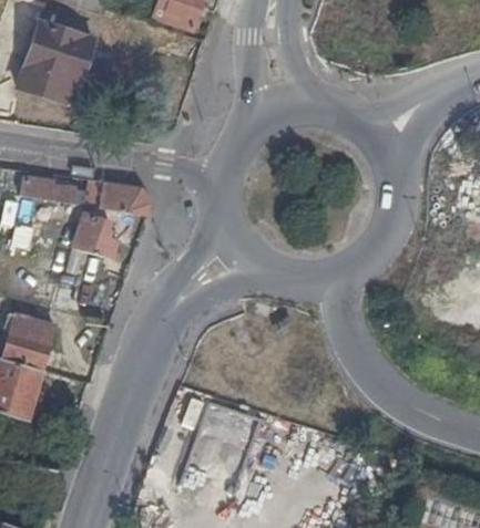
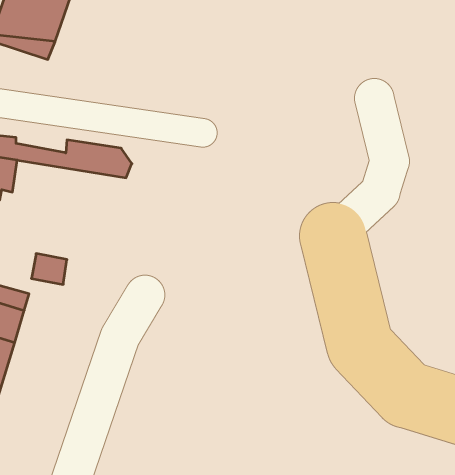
building: [71,211,118,258] -> none

